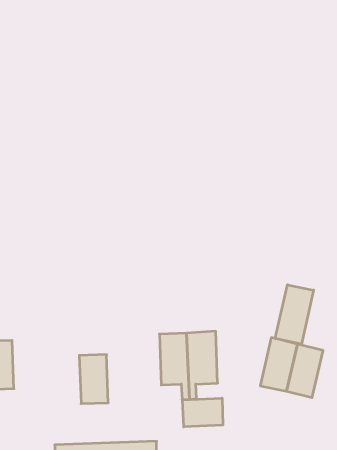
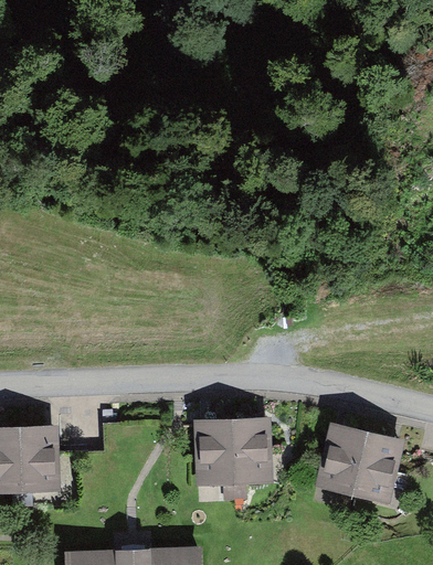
building: [275,285,314,344] -> none
building: [79,355,108,404] -> [20,426,55,486]
building: [182,398,223,427] -> none

